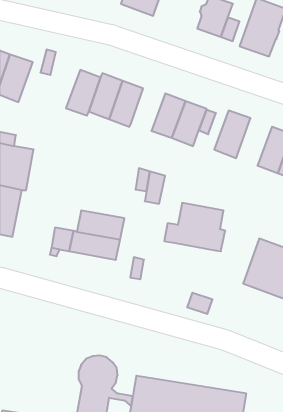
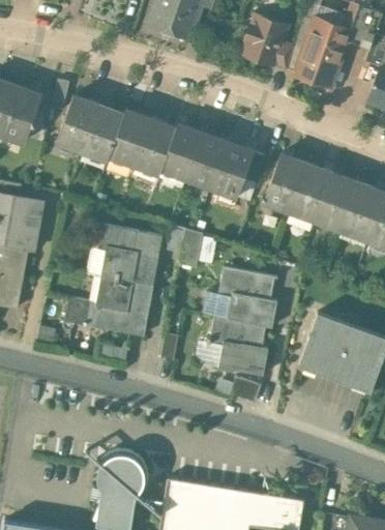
building: none -> [56,95,99,151]
building: none -> [161,124,203,179]
building: none -> [290,164,333,222]
building: none -> [100,225,162,286]
building: none -> [210,316,267,375]

